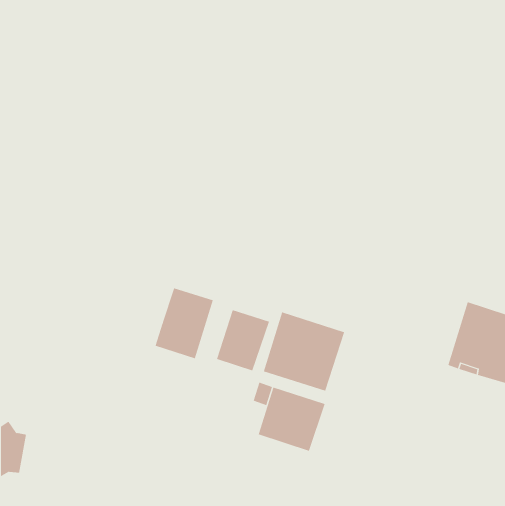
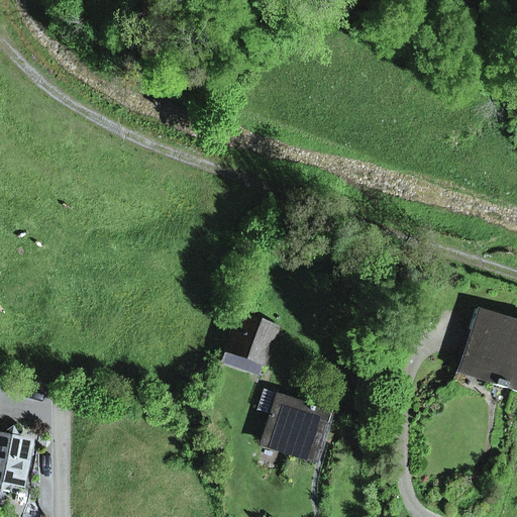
building: [155,288,214,359] -> none
building: [263,312,345,391] -> none

